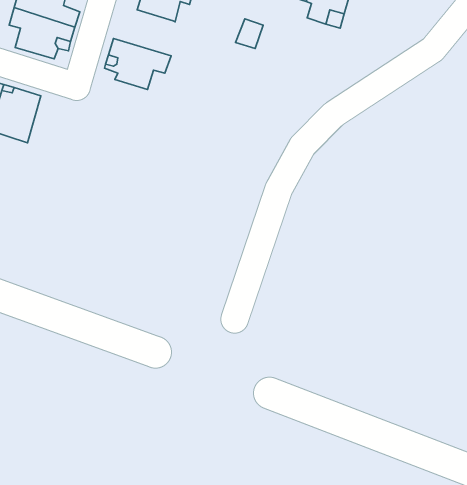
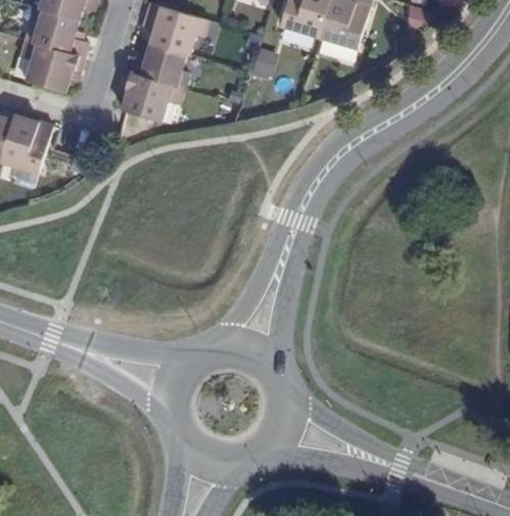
building: none -> [126,41,187,87]

